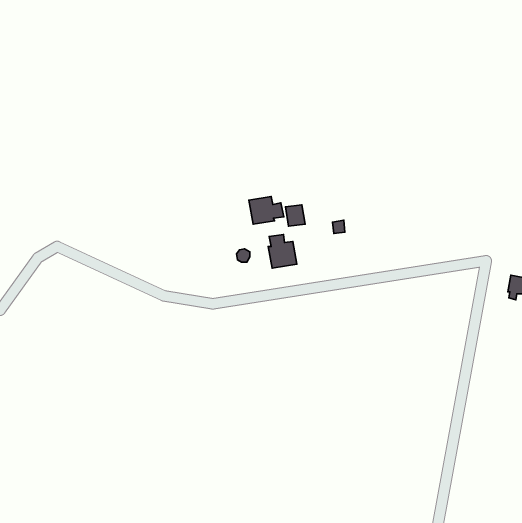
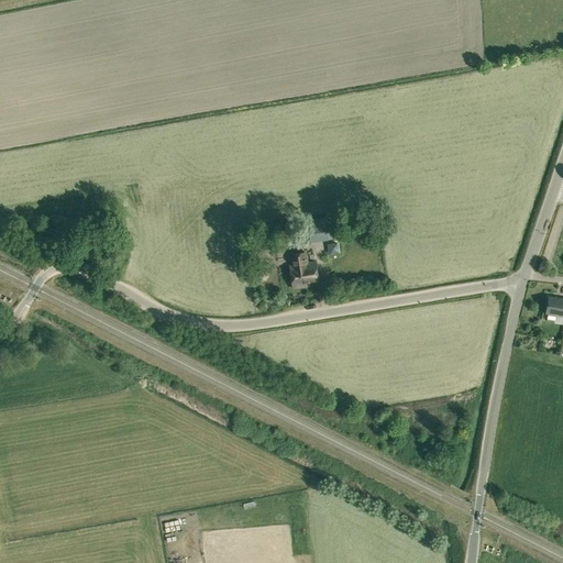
building: [249,197,284,224] -> none

